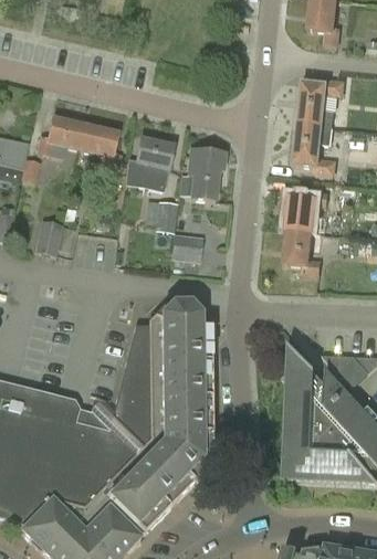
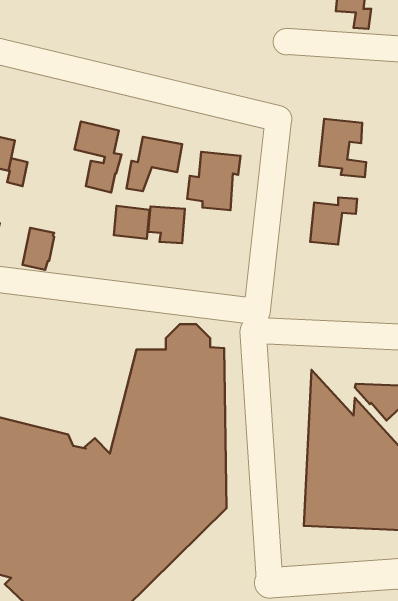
building: [297,78,343,126] -> none
building: [36,117,85,158] -> none
building: [282,230,321,274] -> none
building: [170,232,201,261] -> [114,206,149,239]

